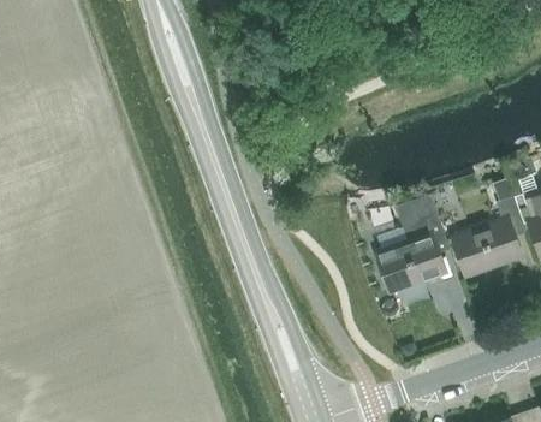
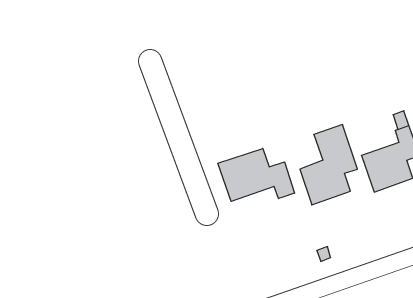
building: none -> [218,148,295,201]

